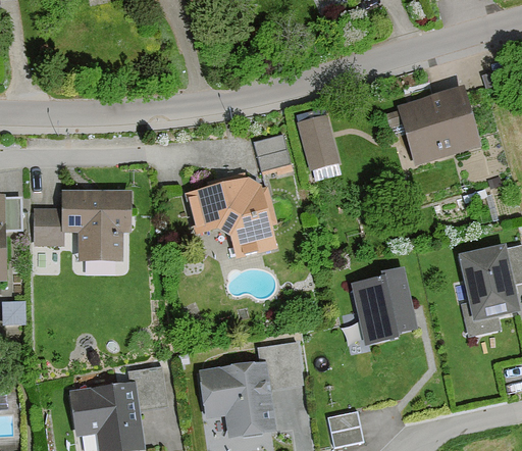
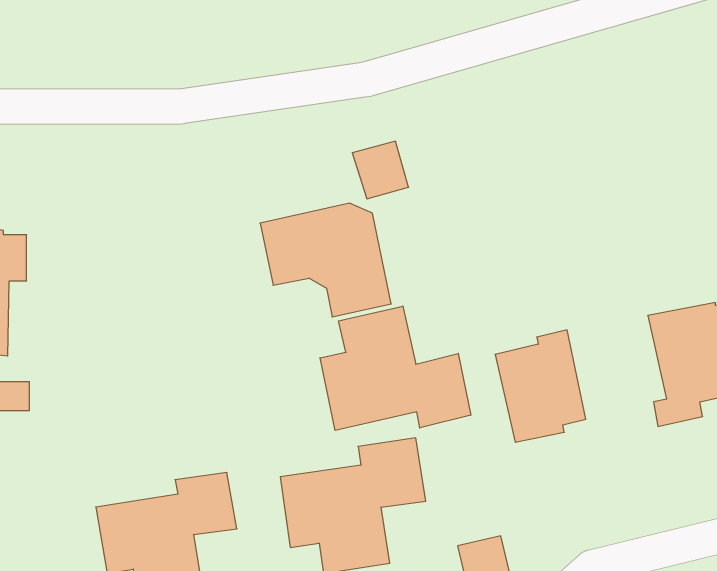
building: [398,86,483,166] -> none
building: [296,112,337,169] -> none
building: [31,191,132,260] -> none
building: none -> [320,306,471,430]

